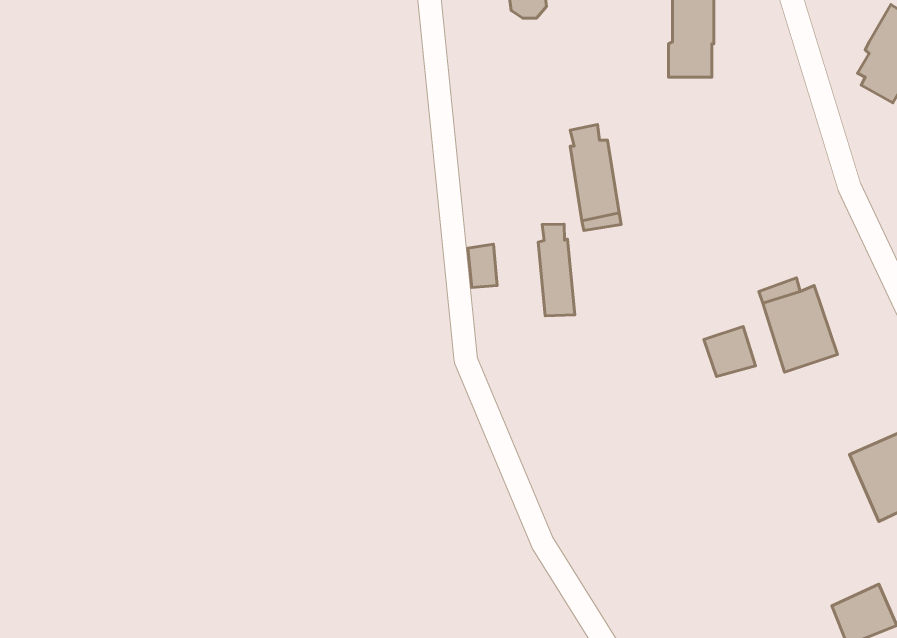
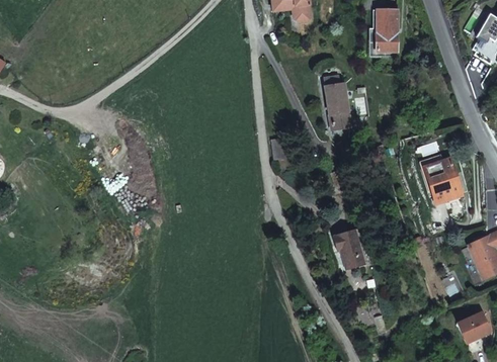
building: [538,224,575,316] -> none
building: [704,326,755,377] -> none
building: none -> [332,229,365,268]

